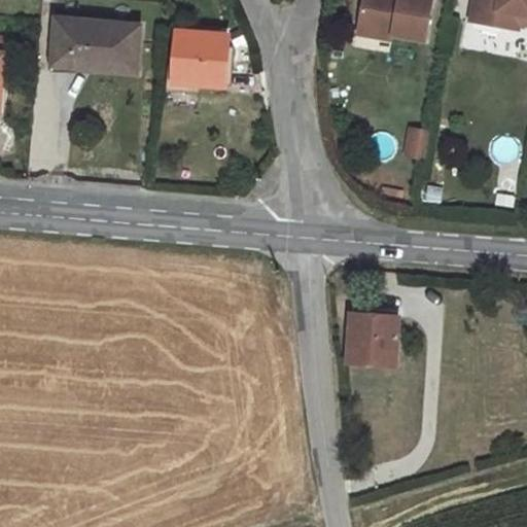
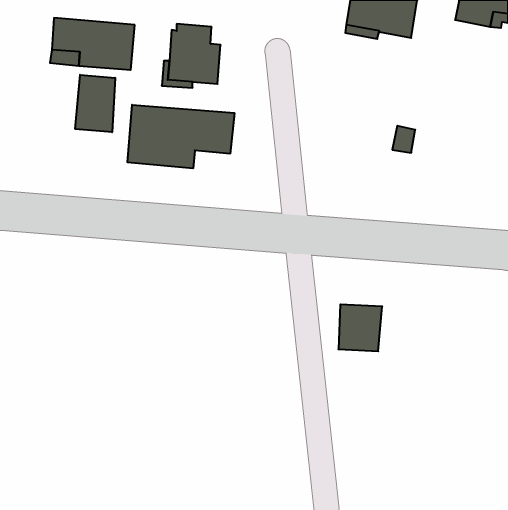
building: none -> [75,75,115,132]
building: none -> [128,105,234,168]

